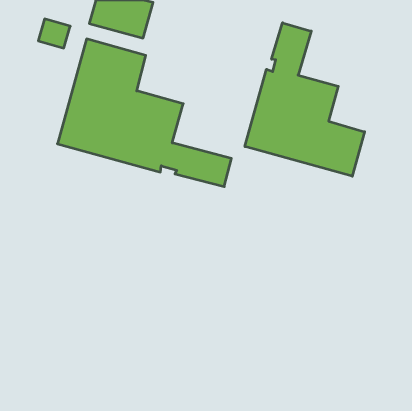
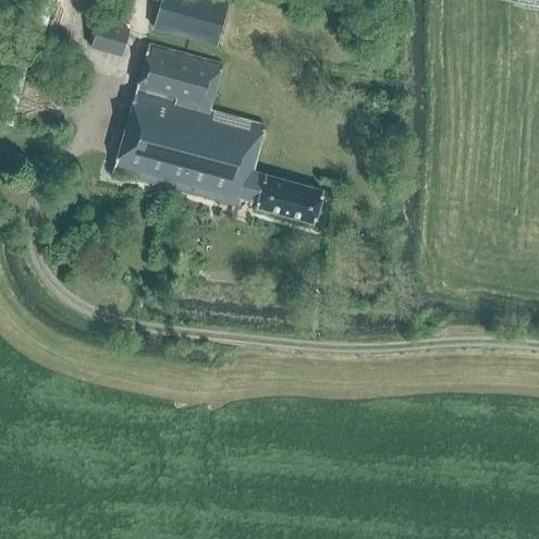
building: [245,23,365,176] -> none

